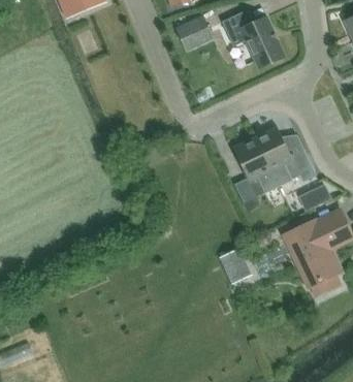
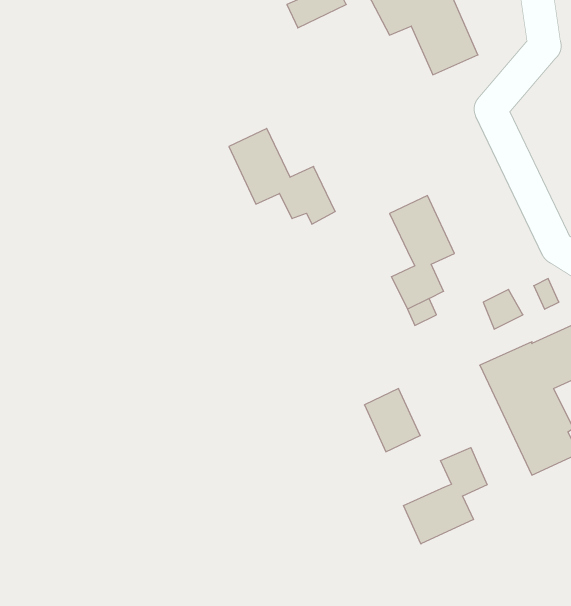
building: [255,126,316,181] -> [229,128,335,224]
building: none -> [403,448,487,544]

